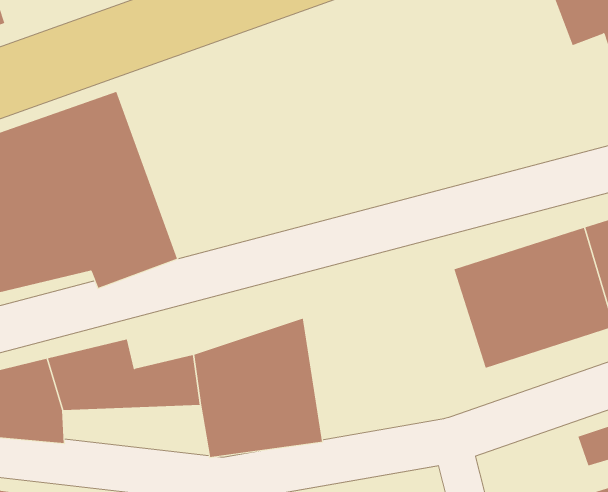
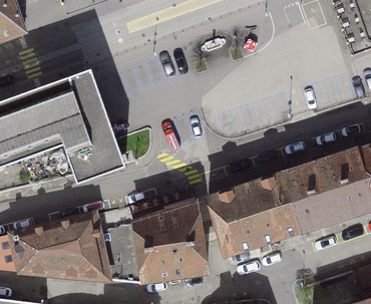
building: none -> [208,174,300,256]
building: none -> [57,252,141,282]

